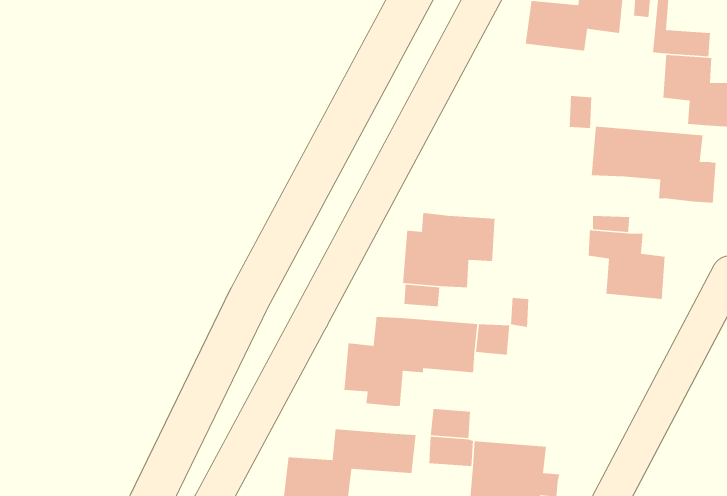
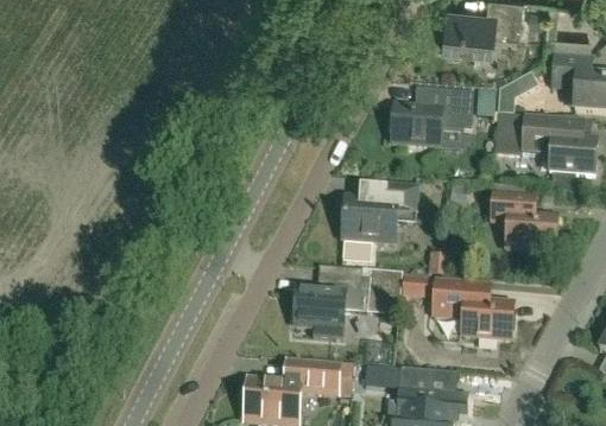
building: none -> [498,74,538,115]
building: none -> [391,91,474,148]
building: none -> [434,281,513,342]

